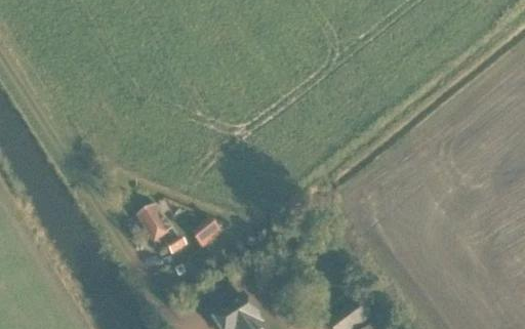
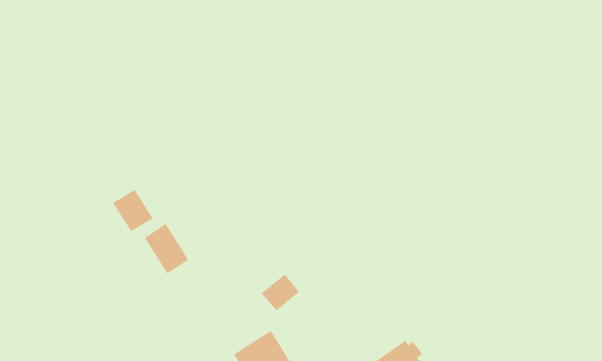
building: none -> [112,189,154,232]
building: [191,219,224,251] -> [260,273,300,311]

